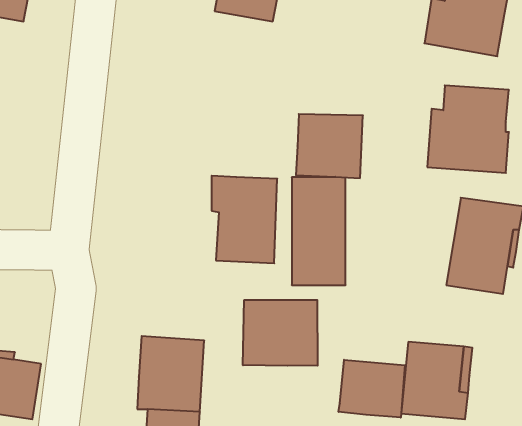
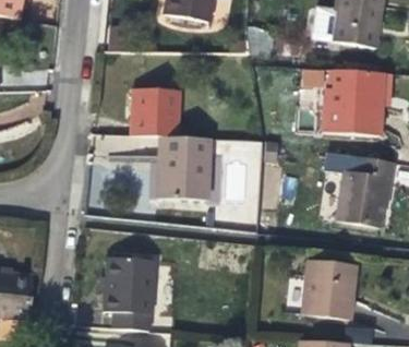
building: [296,114,363,178] -> [131,89,181,137]
building: [243,300,318,366] -> none
building: [339,360,405,418] -> none

